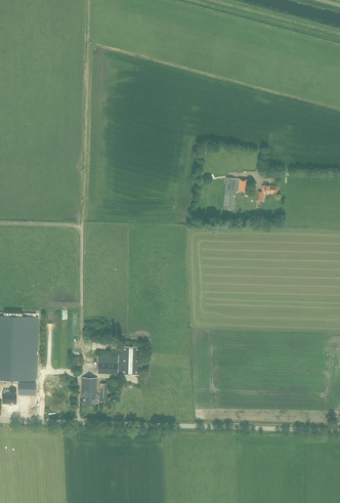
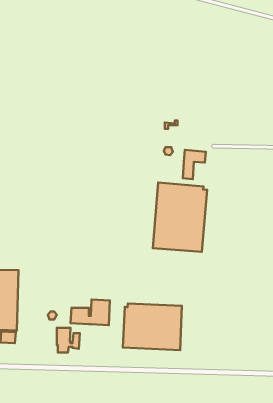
building: none -> [153,182,207,252]
building: none -> [123,304,182,350]

